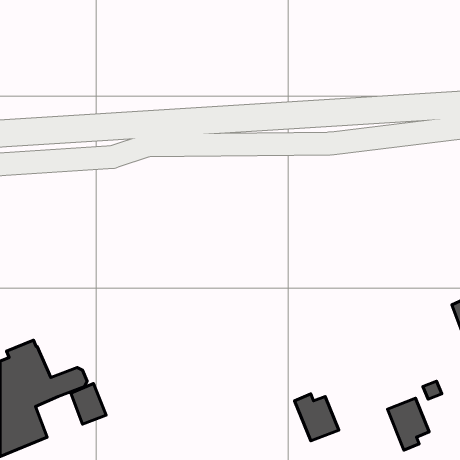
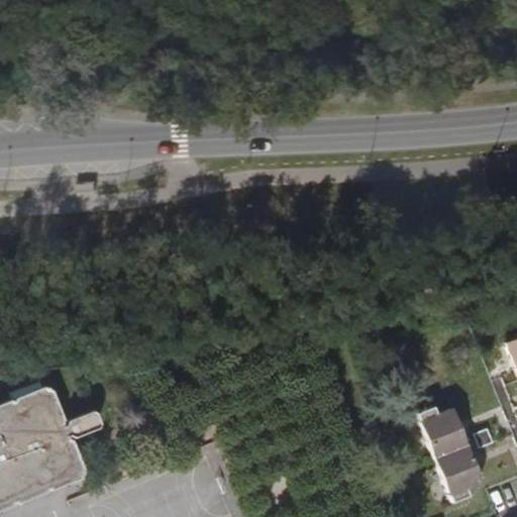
building: [71,383,106,424] -> [43,441,83,487]
building: [294,394,339,441] -> [417,403,467,455]

